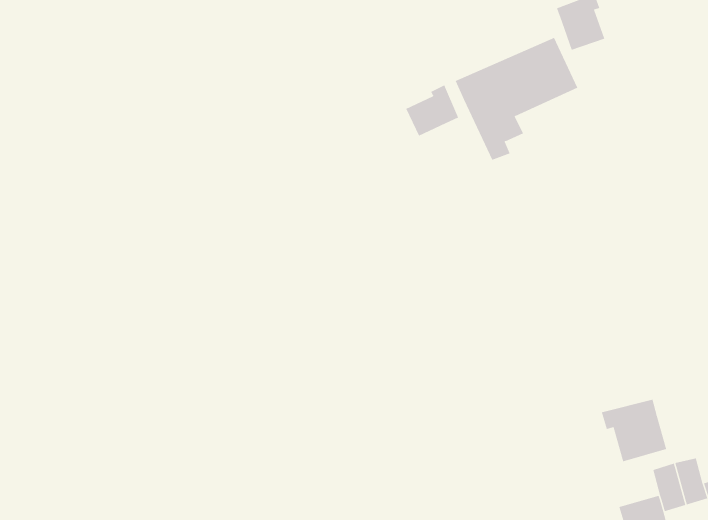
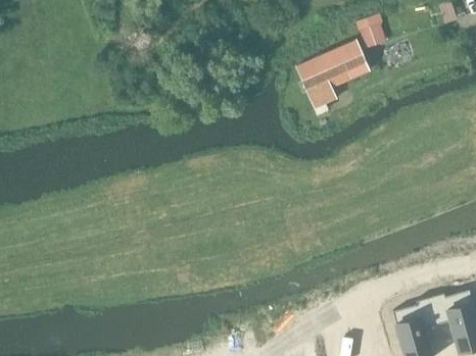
building: [405,85,459,137] -> none
building: [601,399,667,462] -> none

